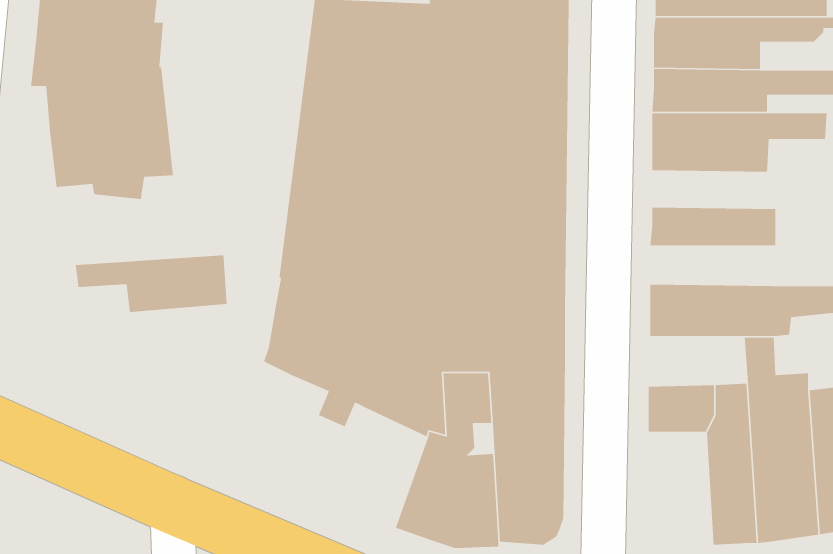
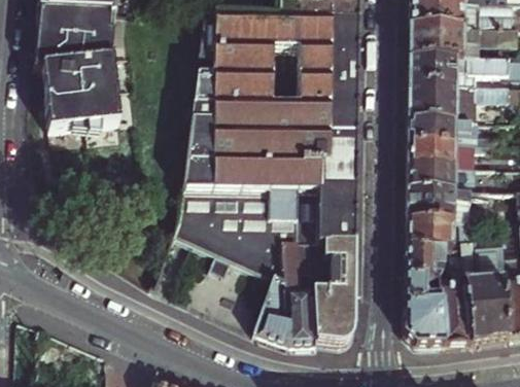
building: none -> [408,121,506,144]
building: none -> [407,167,481,190]
building: [75,255,228,313] -> none
building: none -> [406,221,465,251]
building: none -> [406,279,445,347]

